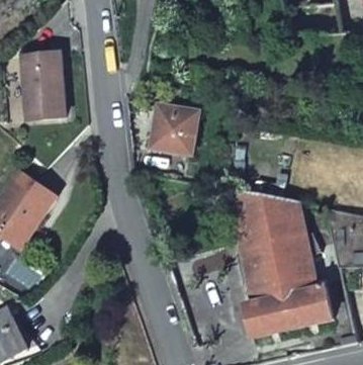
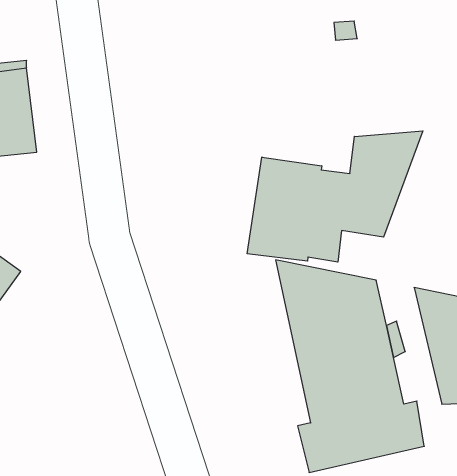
building: none -> [247,131,423,262]
building: [153,103,198,153] -> none

